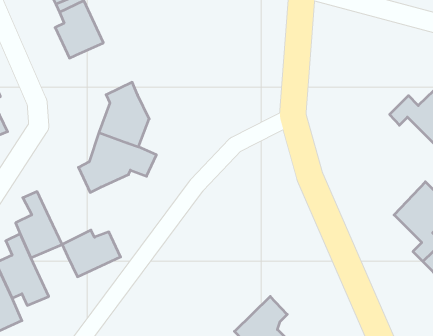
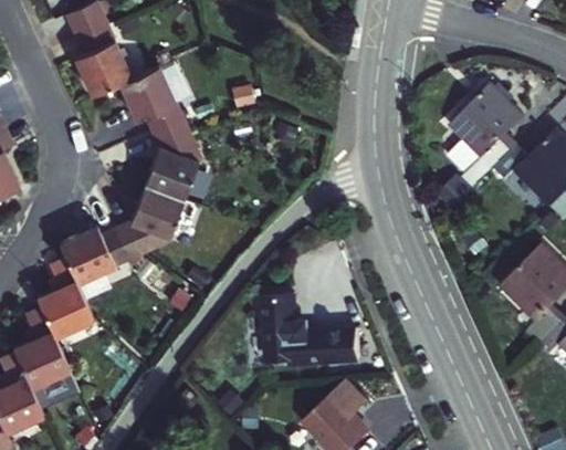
building: none -> [108,70,178,138]
building: none -> [448,76,524,198]
building: none -> [280,301,377,369]
building: [62,230,121,277] -> [54,226,126,283]

